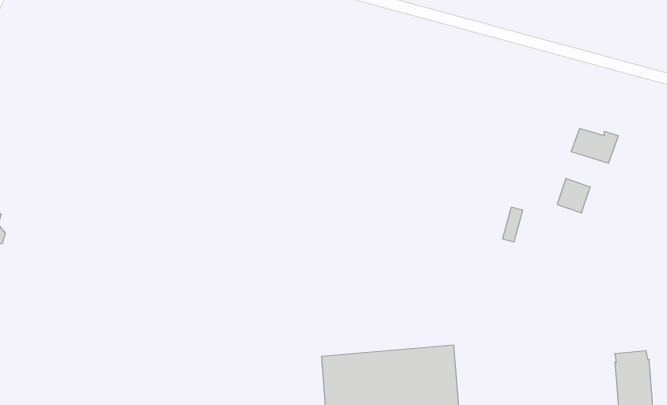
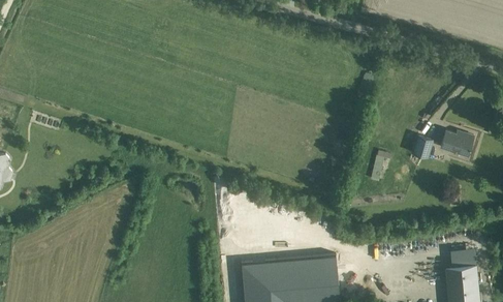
building: [571,129,618,163] -> [440,130,474,155]

